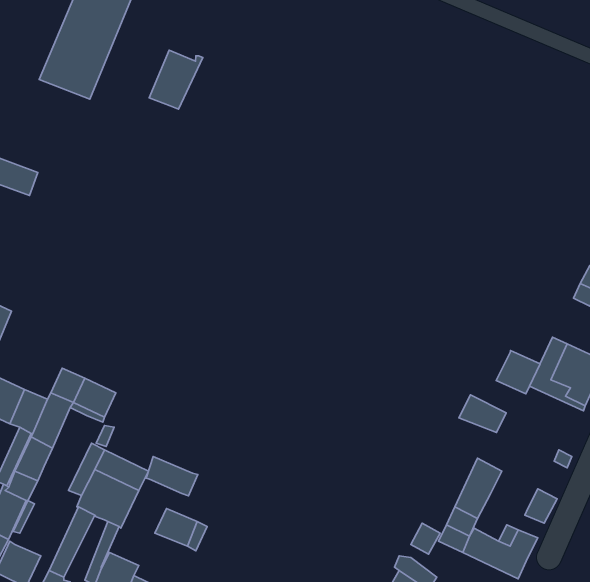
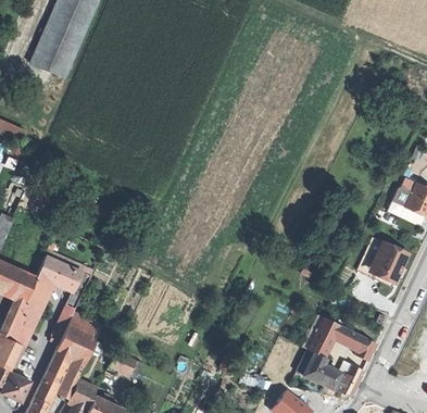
building: [149,50,203,109] -> none
building: [496,350,540,394] -> none
building: [459,395,506,433] -> [331,325,363,350]
building: [146,457,198,496] -> none

